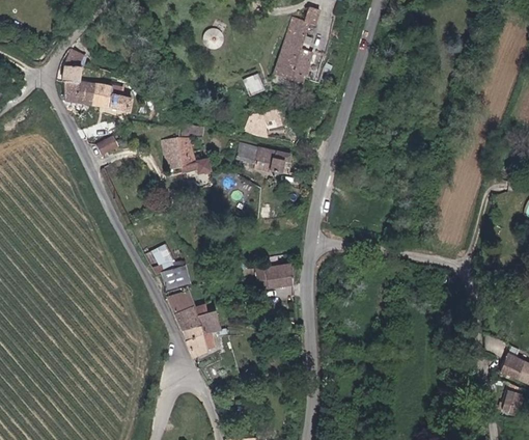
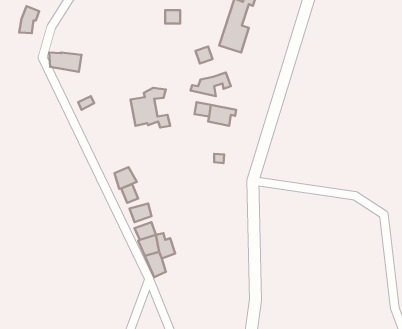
building: [62,50,87,83] -> [19,6,39,33]
building: [100,85,131,111] -> none
building: none -> [115,167,137,189]
building: [258,263,296,288] -> none

